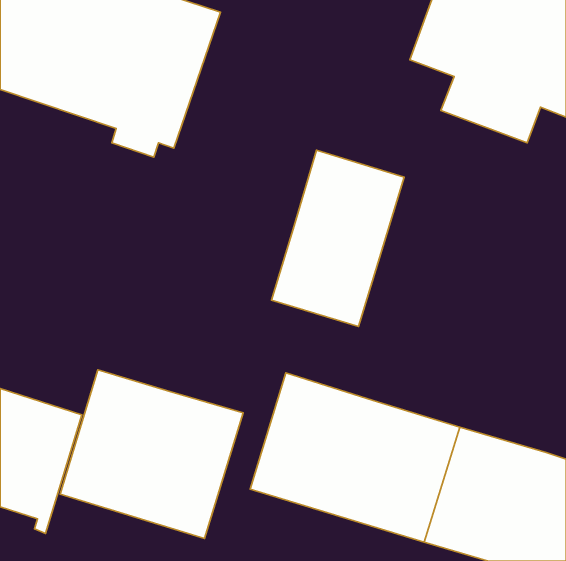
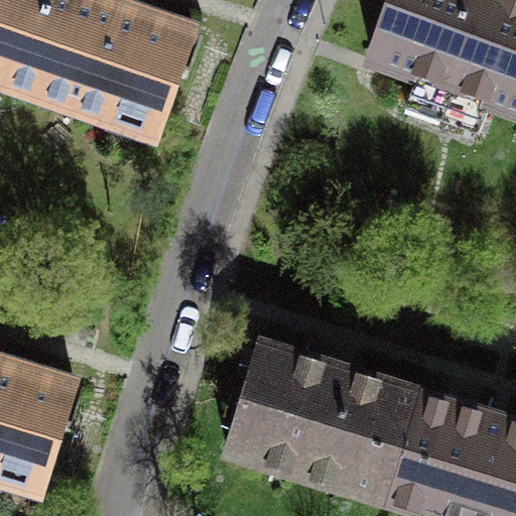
building: [272,150,404,326] -> none
building: [60,370,243,538] -> none

